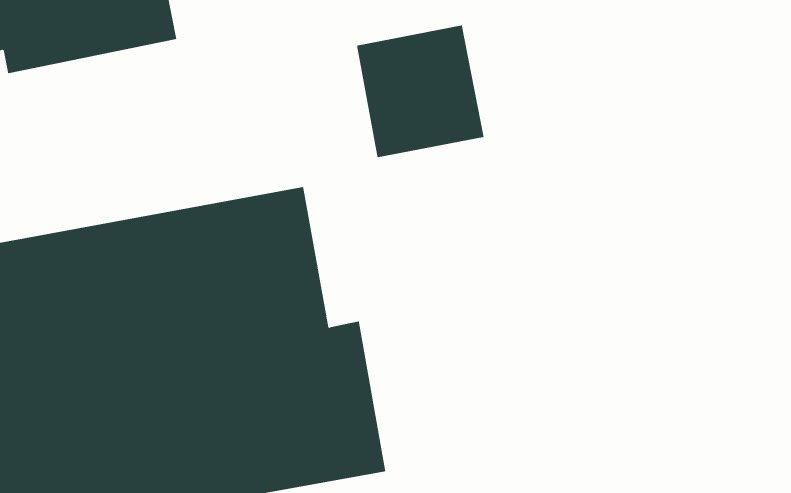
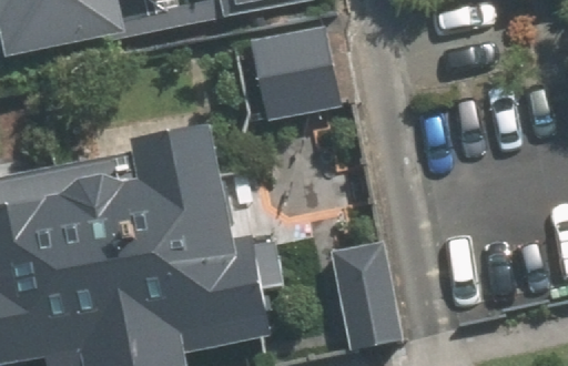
building: none -> [322,221,403,336]

